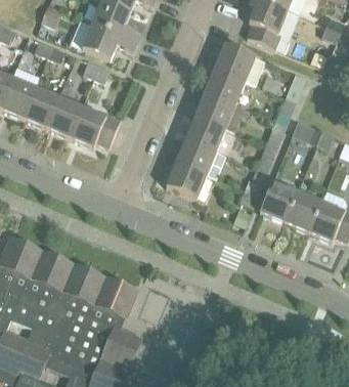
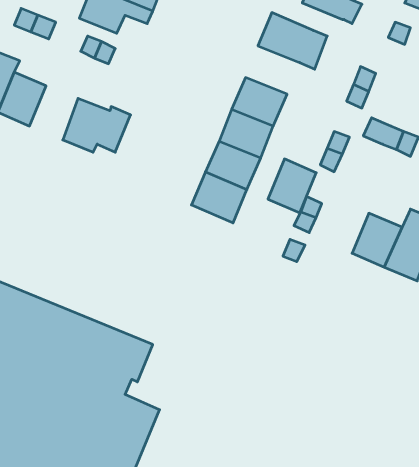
building: [205,68,245,103] -> none
building: [45,97,81,137] -> none
building: [260,181,296,221] -> [268,159,316,213]

